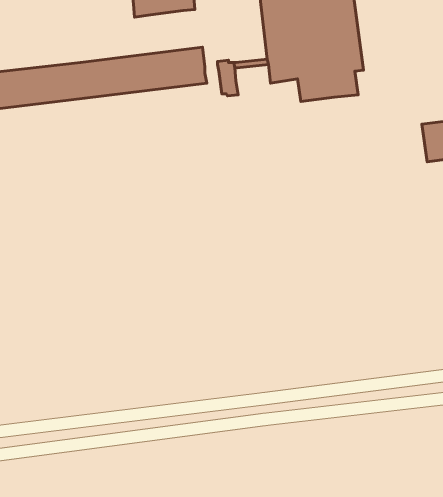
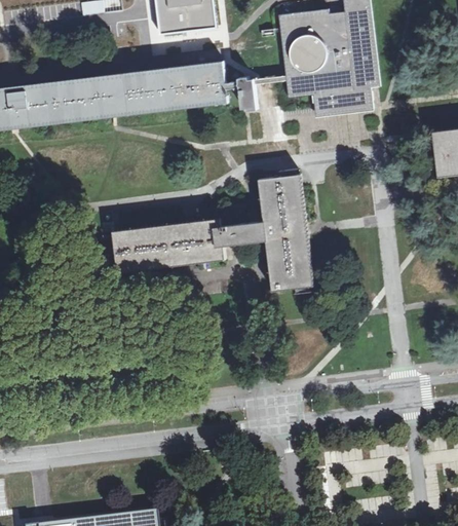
building: none -> [113,174,312,290]

